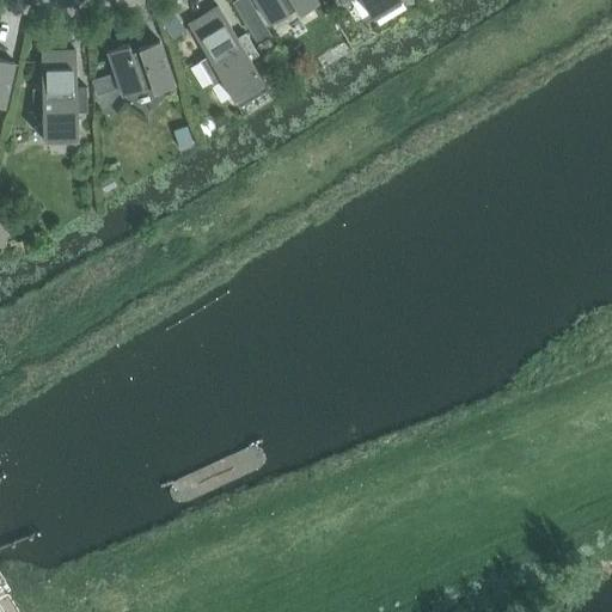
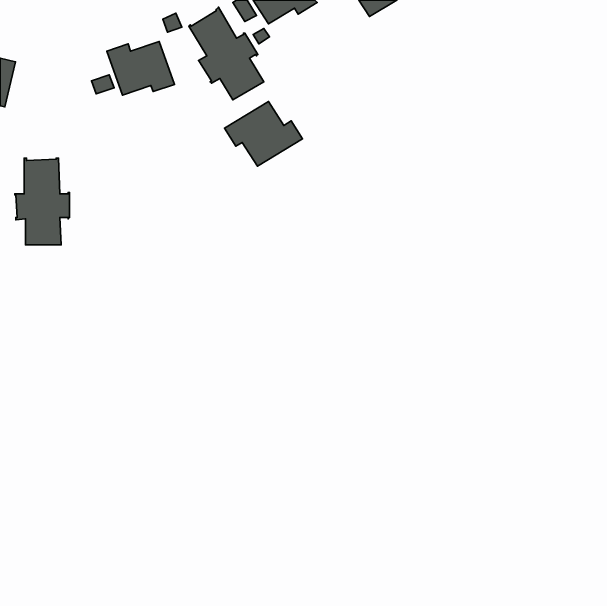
building: [32,54,87,141] -> [15,158,69,245]
building: none -> [224,102,302,166]

